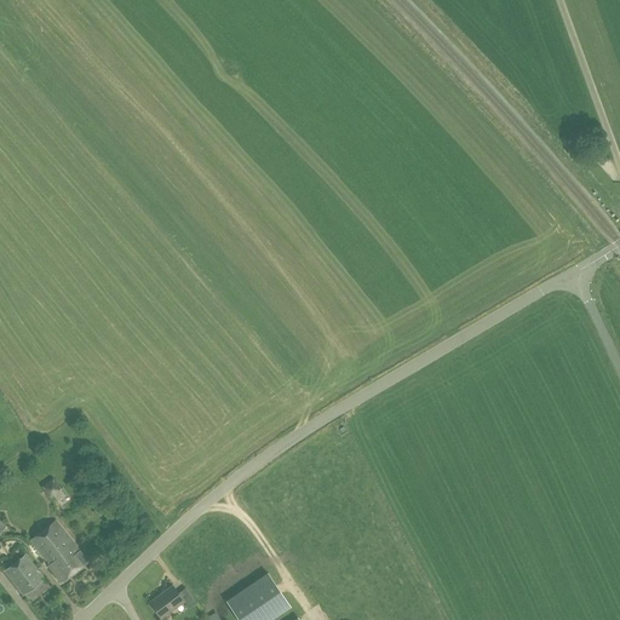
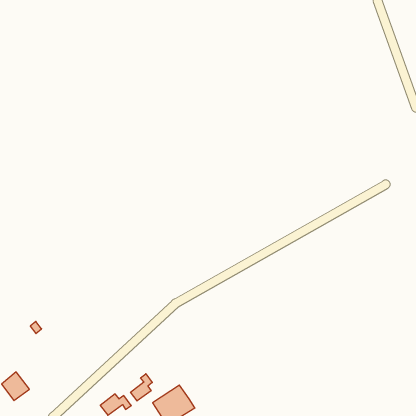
building: [29,521,86,582] -> none
building: none -> [131,374,152,401]

